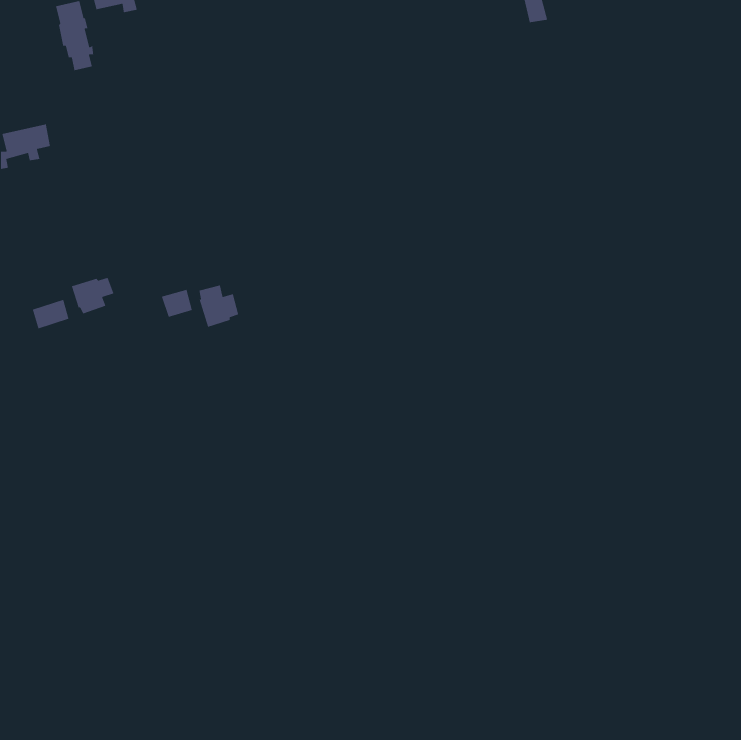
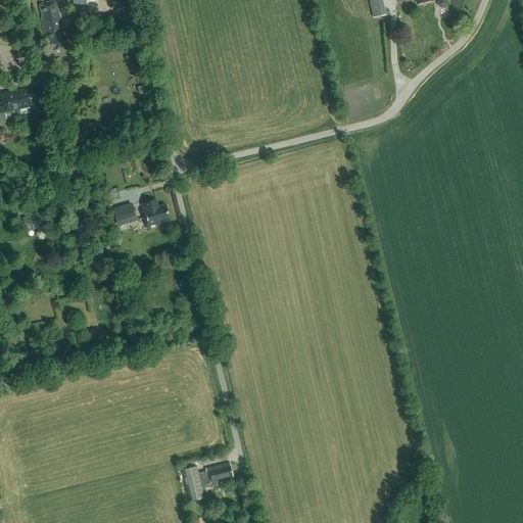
building: [71,277,114,314] -> none
building: none -> [183,462,233,501]

